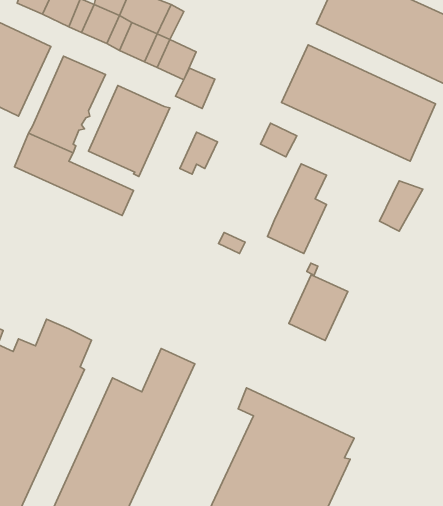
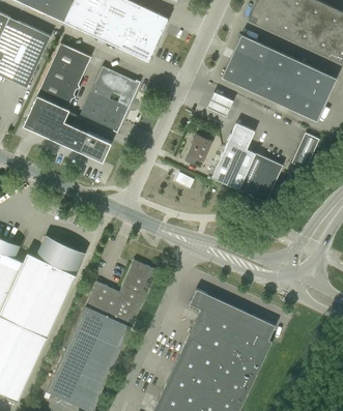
building: [176,68,215,109] -> [139,10,168,40]
building: [180,132,217,174] -> [184,135,212,166]
building: [289,275,348,340] -> [238,153,282,202]

